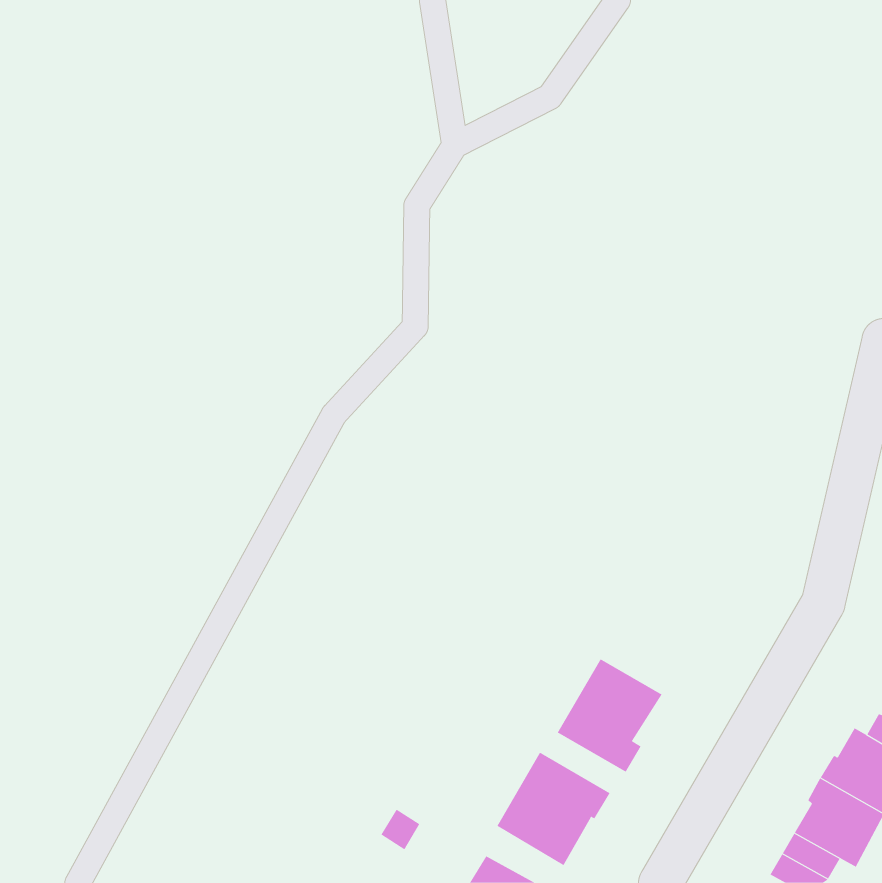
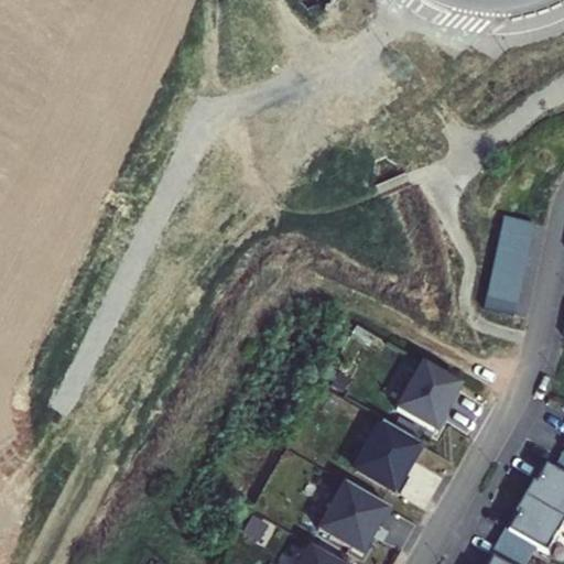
building: none -> [486,217,536,316]
building: none -> [397,361,460,431]

